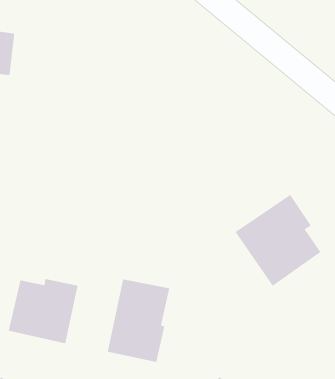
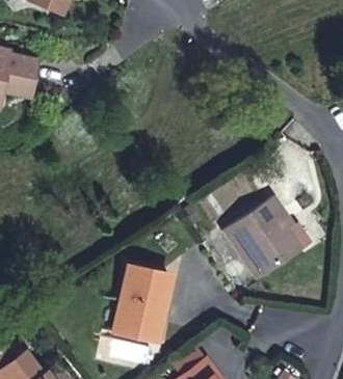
building: [8,278,78,344] -> none

